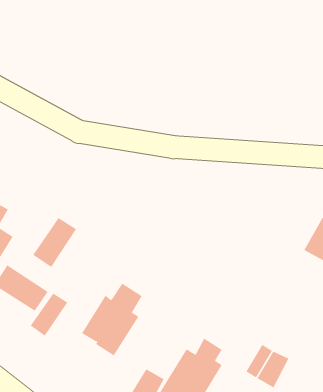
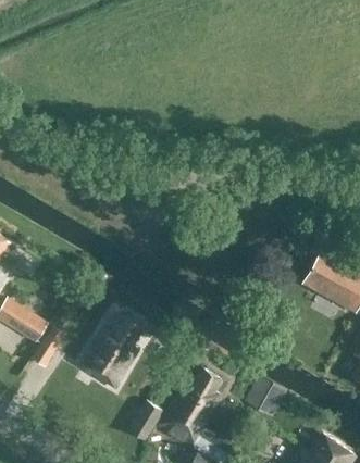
building: [33,217,77,268] -> none

